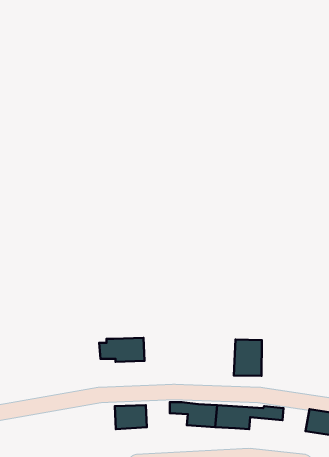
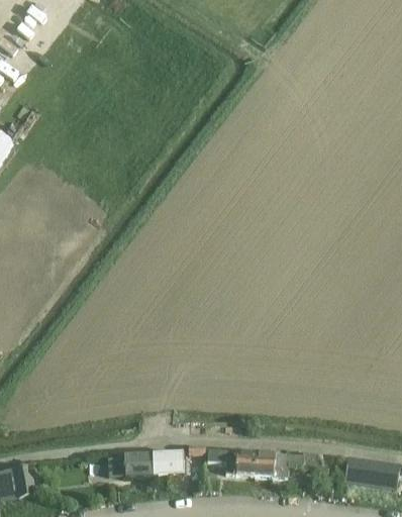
building: [99,338,145,362] -> [107,452,153,477]
building: [234,340,262,376] -> none

